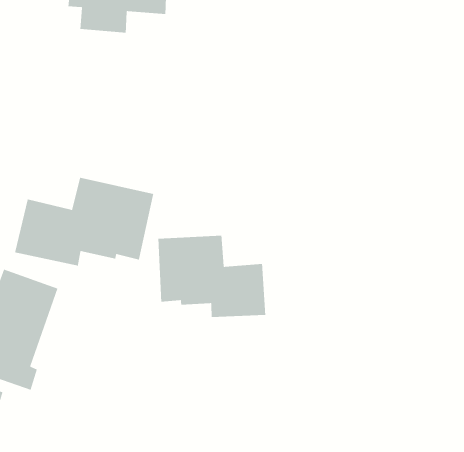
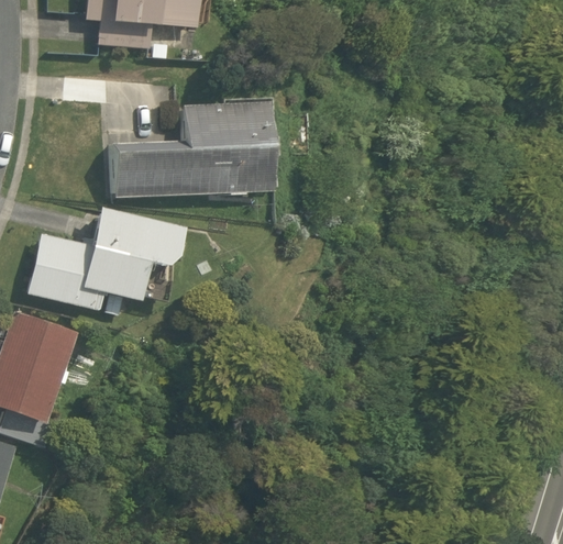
building: none -> [115,101,273,199]
building: [157,235,266,318] -> none

